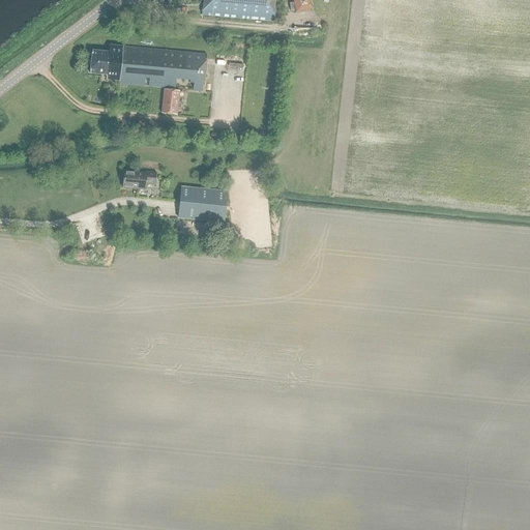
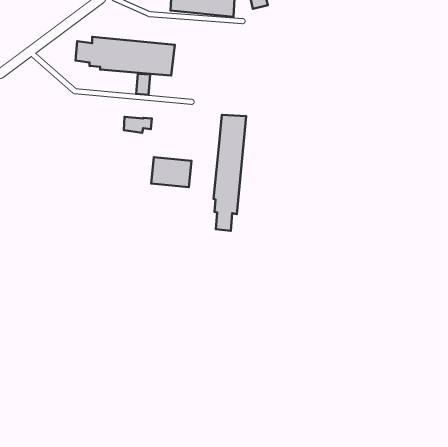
building: none -> [214,115,246,231]
building: [123,169,156,187] -> [124,117,152,133]

